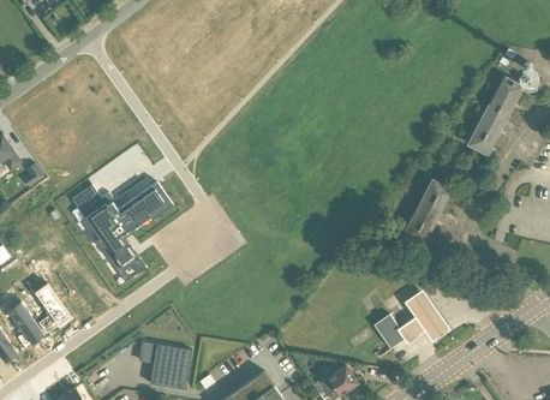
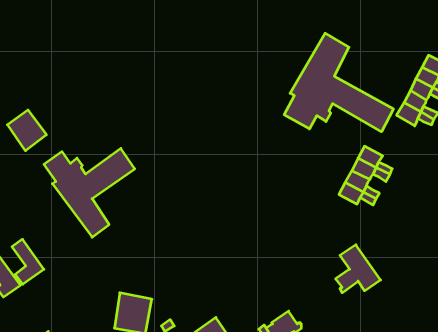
building: none -> [284,33,393,132]
building: none -> [7,110,46,151]
building: [373,314,406,348] -> none

